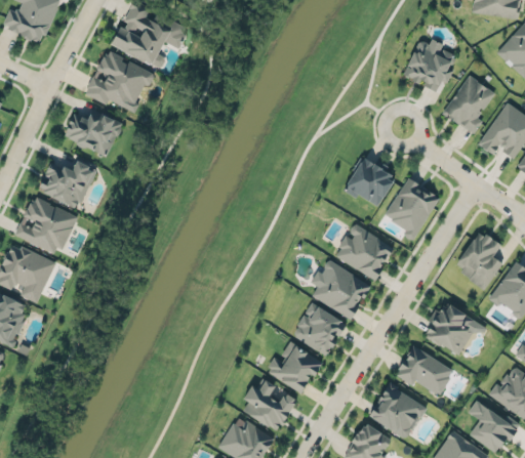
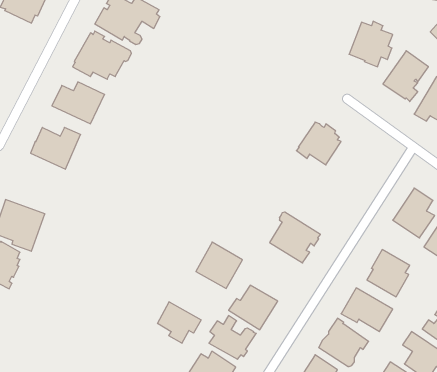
building: [385,177,439,238] -> none
building: [15,197,79,252] -> none
building: [336,223,394,280] -> none
building: [292,303,346,357] -> [196,242,242,288]
building: none -> [158,302,201,343]

